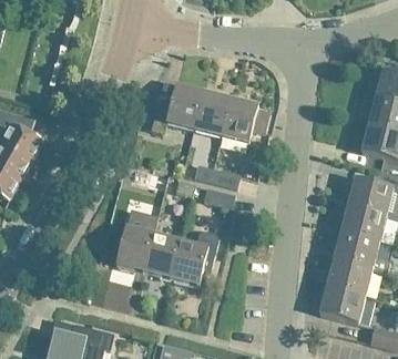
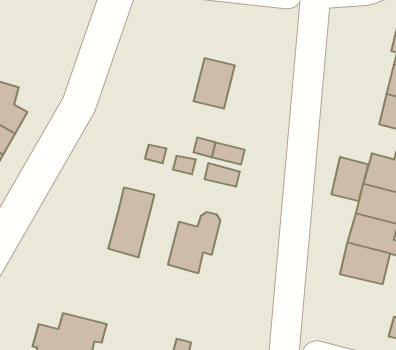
building: [150,84,203,133] -> none
building: [221,98,271,144] -> none
building: none -> [332,157,368,201]
building: [143,233,180,278] -> none
building: [318,287,365,324] -> none

